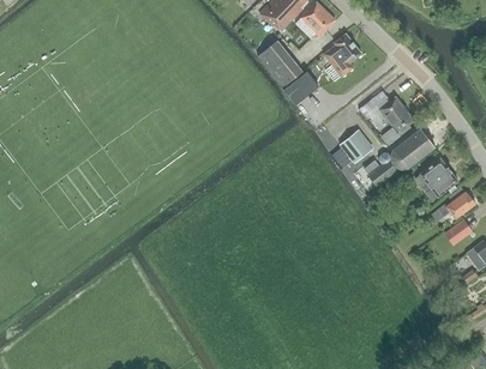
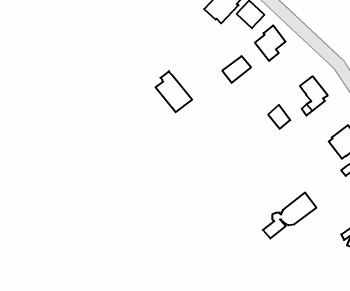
building: [257,35,302,86] -> [156,71,192,112]
building: [367,127,434,184] -> [263,193,316,239]

